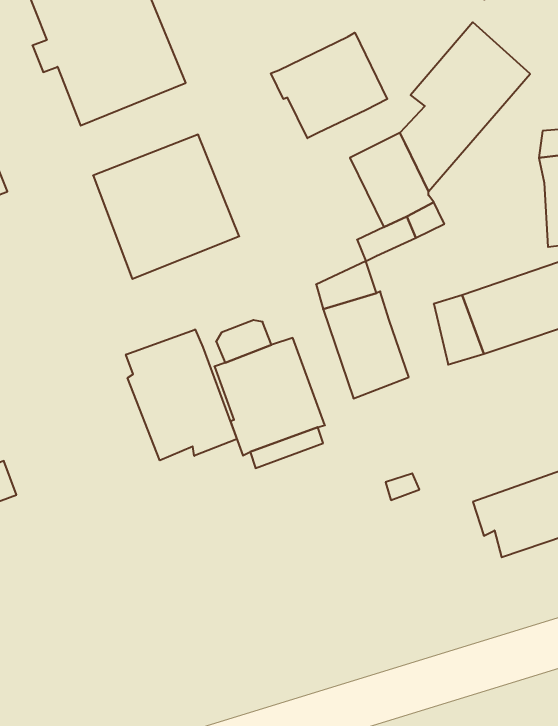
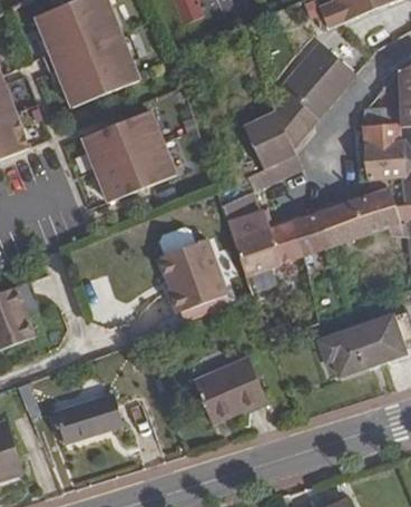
building: [271,33,387,138] -> none
building: none -> [267,217,304,263]
building: [126,329,237,460] -> none
building: none -> [193,358,266,423]
building: none -> [55,393,123,442]

